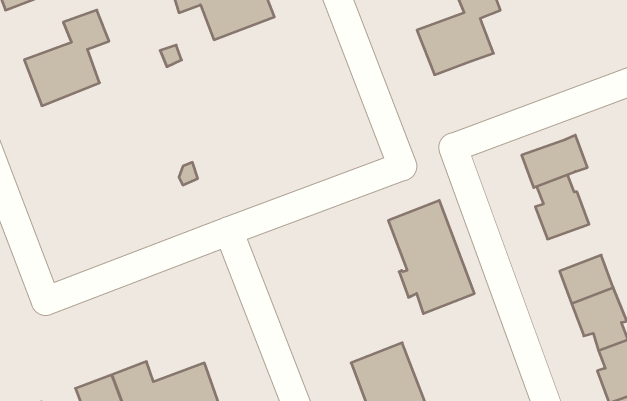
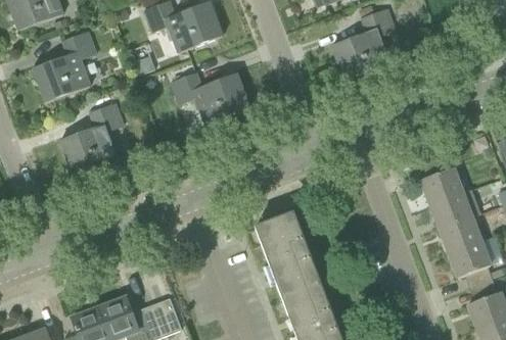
building: none -> [171,71,249,124]
building: none -> [59,102,124,173]
building: [522,135,587,188] -> [430,188,480,228]
building: [388,200,474,314] -> [255,211,320,297]

